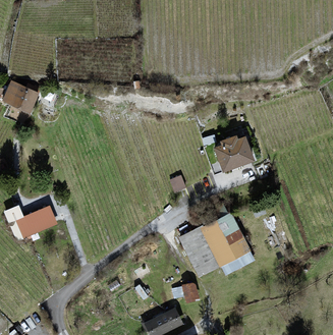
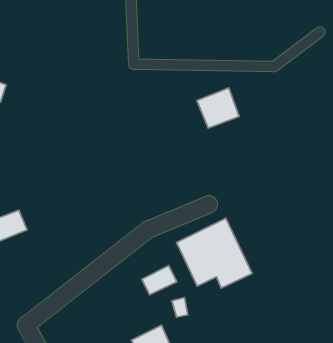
building: [212,133,249,169] -> [197,88,239,128]
building: none -> [142,265,177,295]

